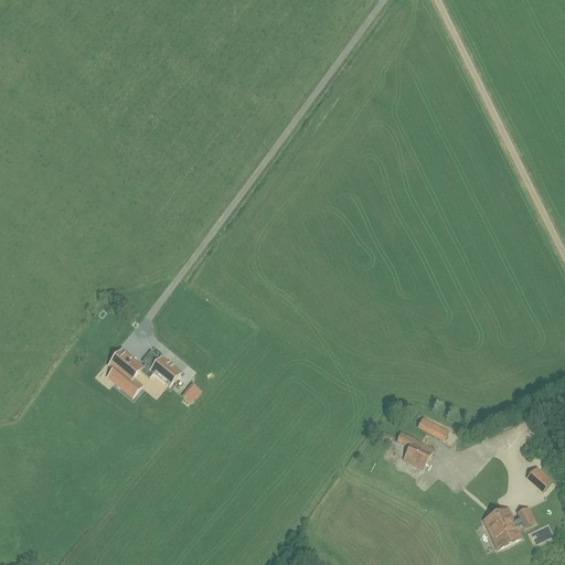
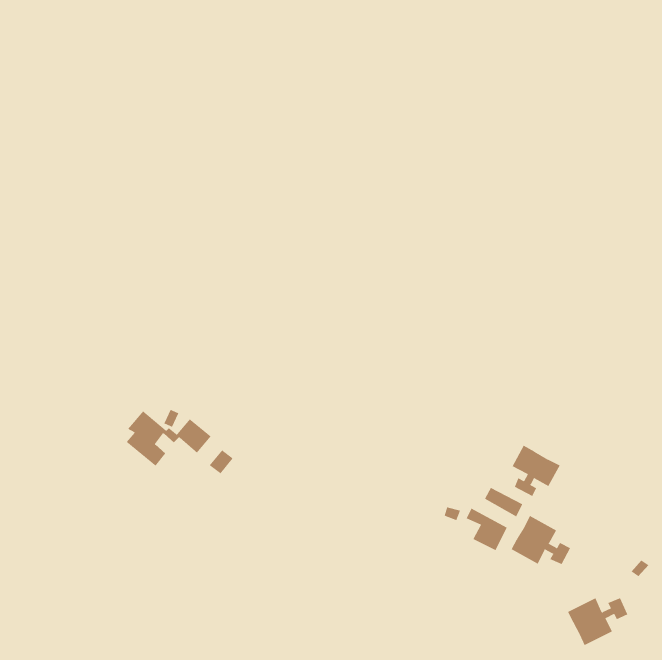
building: none -> [512,445,560,497]
building: none -> [511,515,571,565]

